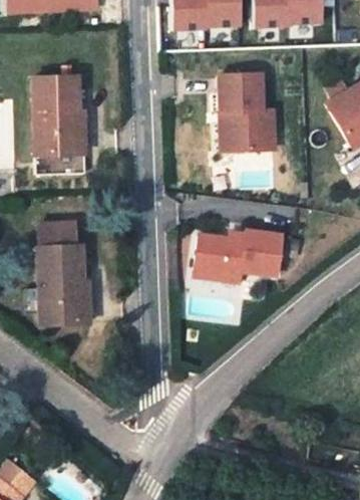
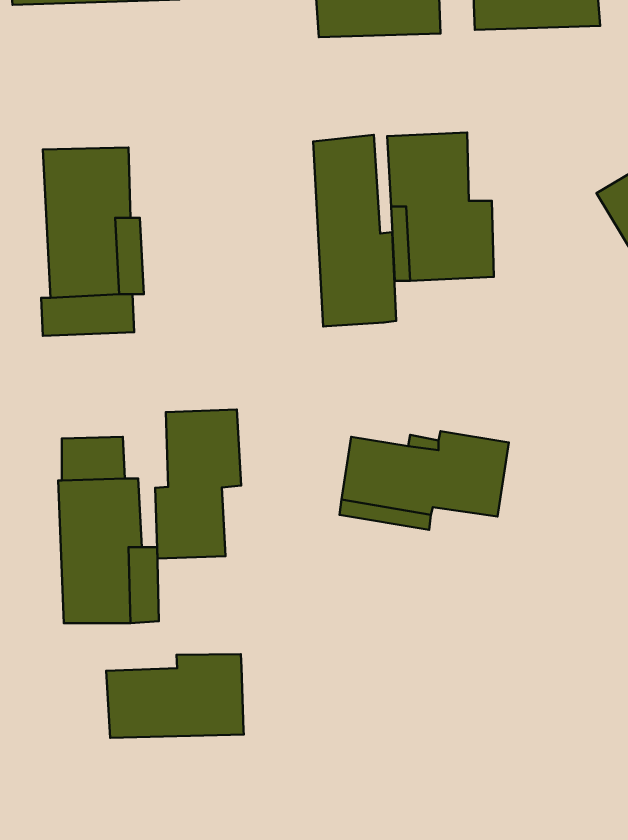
building: none -> [313,135,396,327]
building: none -> [155,409,241,559]
building: none -> [106,654,244,738]

